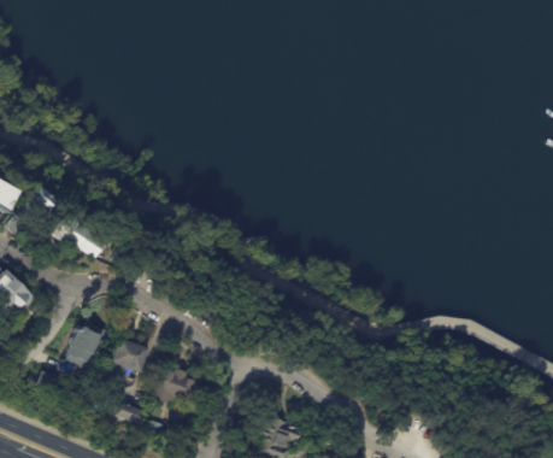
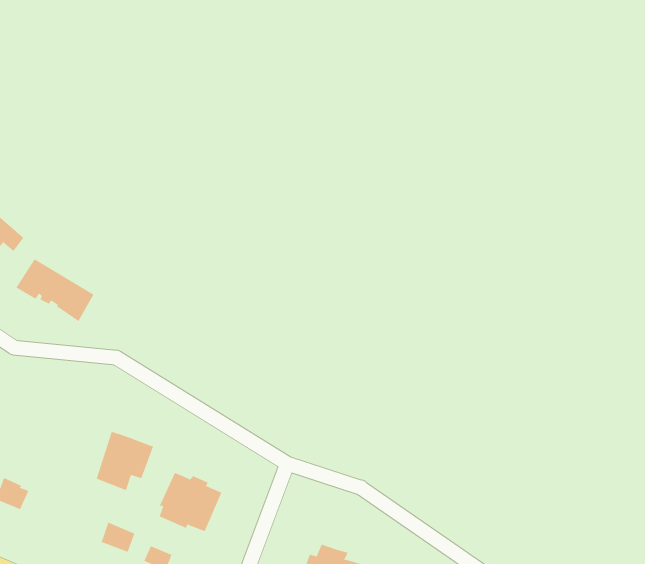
building: [58,322,108,376] -> none

